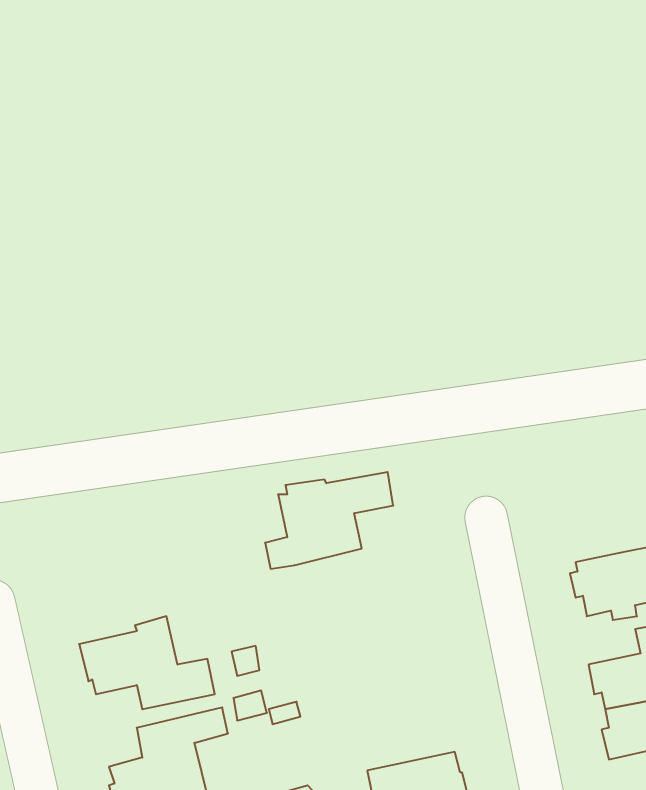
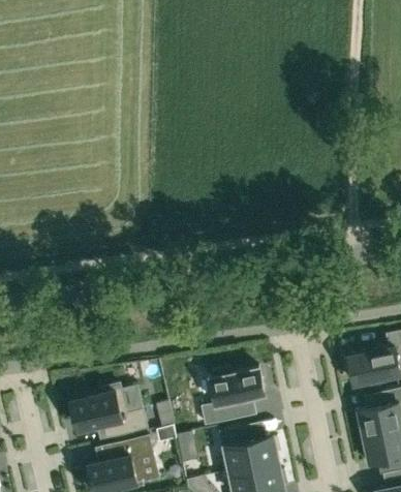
building: [265,472,393,569] -> [195,367,267,421]
building: none -> [218,426,279,471]

